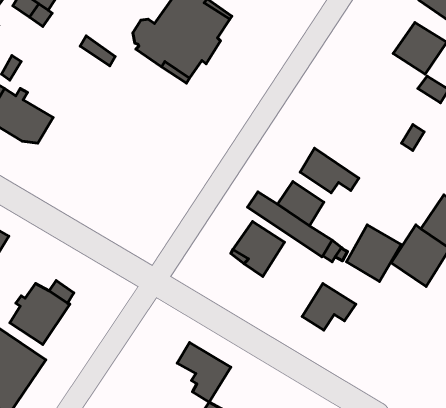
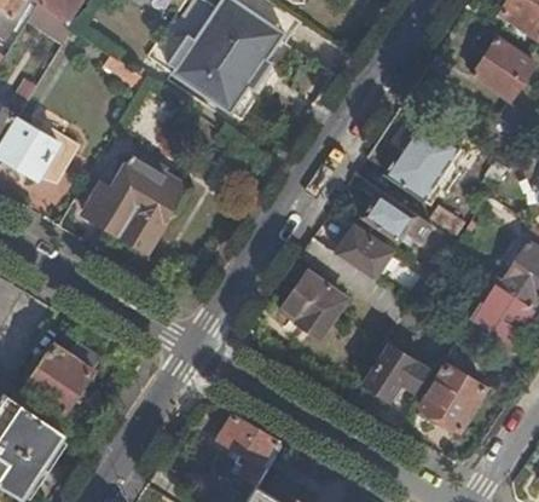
building: none -> [387,120,459,198]
building: none -> [82,143,185,258]
building: [347,225,401,282] -> [422,364,486,431]

